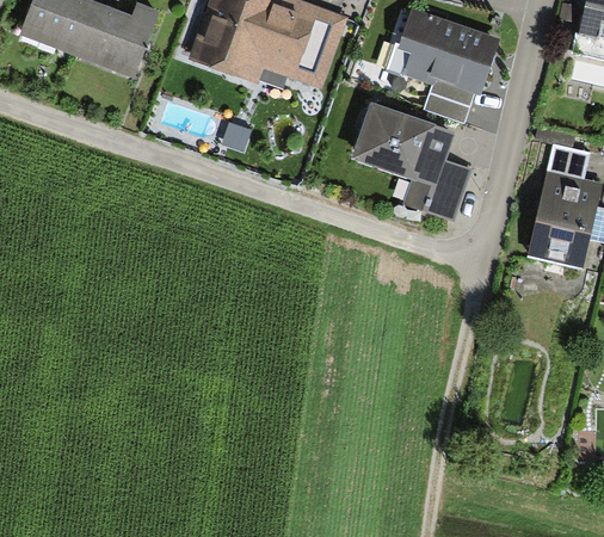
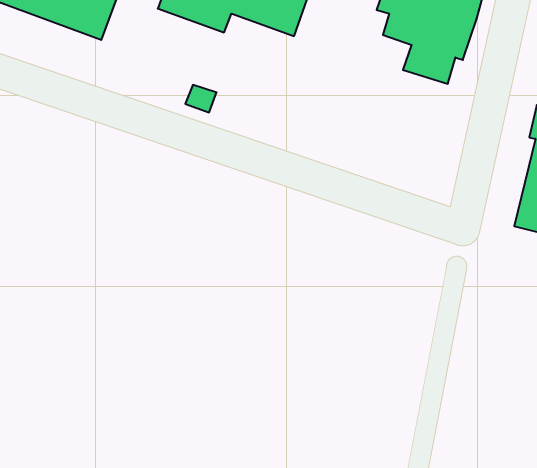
building: [350,106,469,217] -> none

